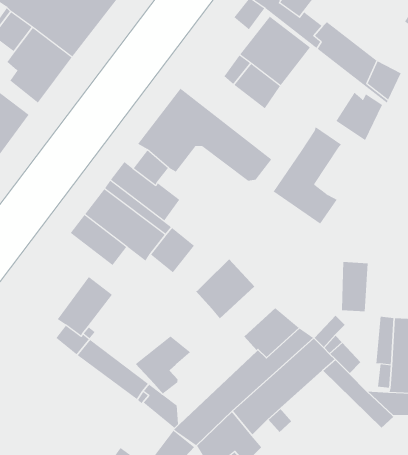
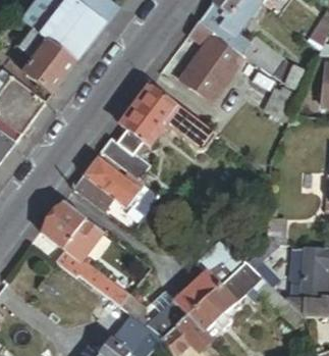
building: [273,126,342,224] -> none
building: none -> [41,200,87,248]
building: [195,259,255,319] -> none
building: [135,335,191,394] -> none

